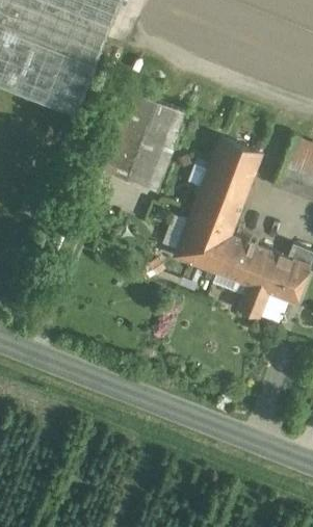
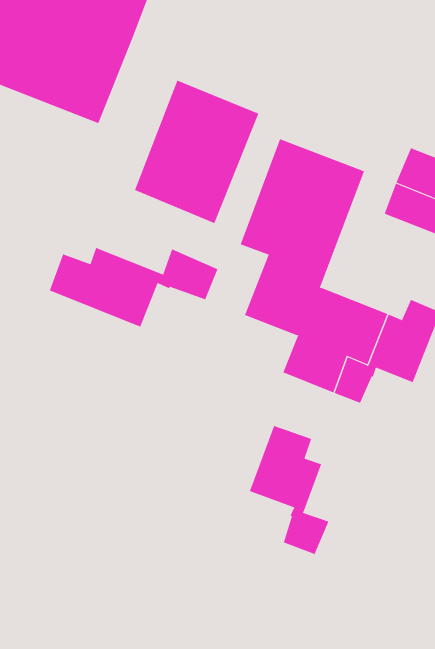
building: none -> [49,247,218,328]
building: none -> [249,425,329,555]

